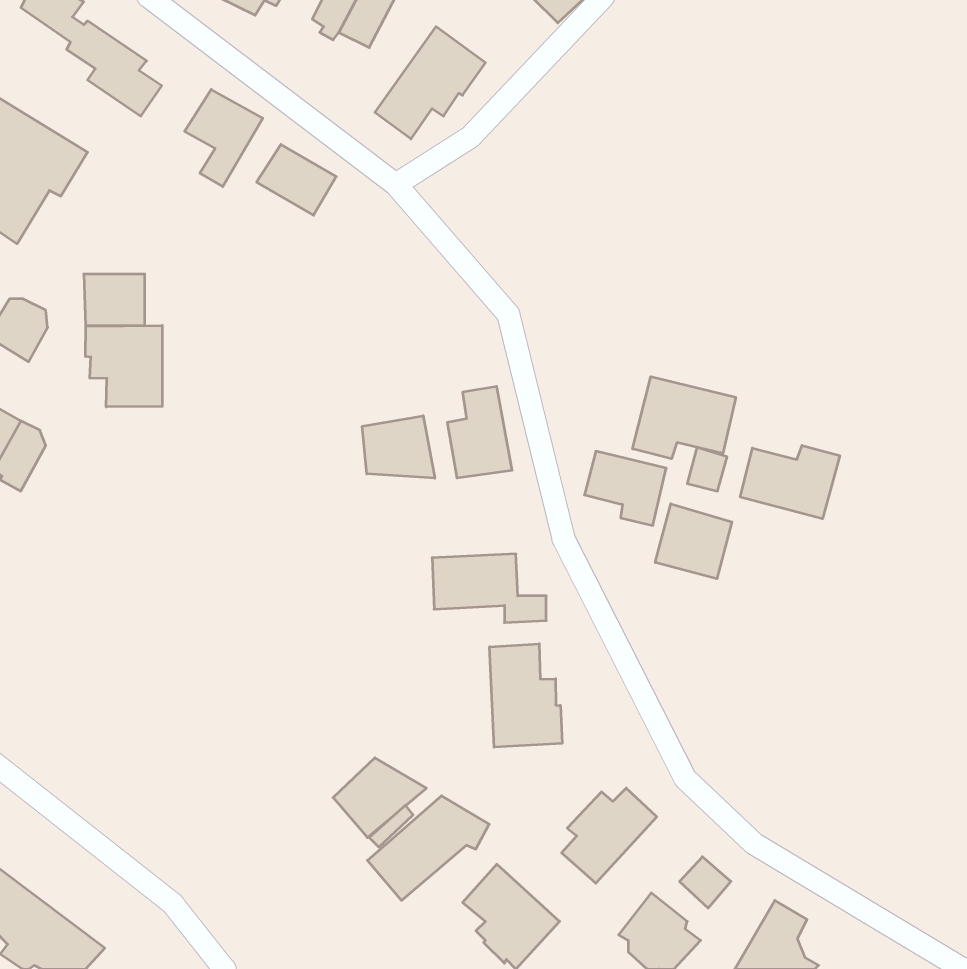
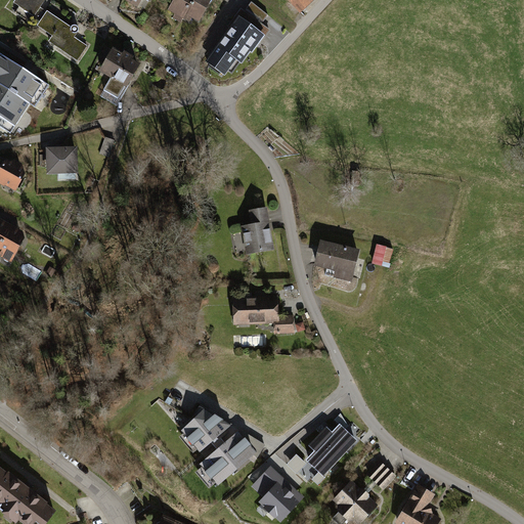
building: [257,144,336,215] -> none
building: [86,325,162,407] -> none
building: [633,377,736,459] -> none
building: [362,416,435,478] -> none
building: [740,445,840,519] -> none
building: [655,504,732,579] -> none
building: [490,644,562,747] -> none

